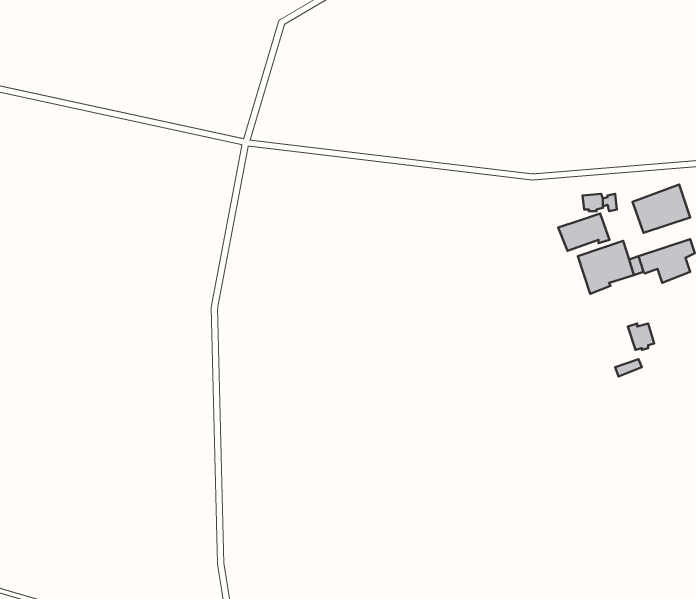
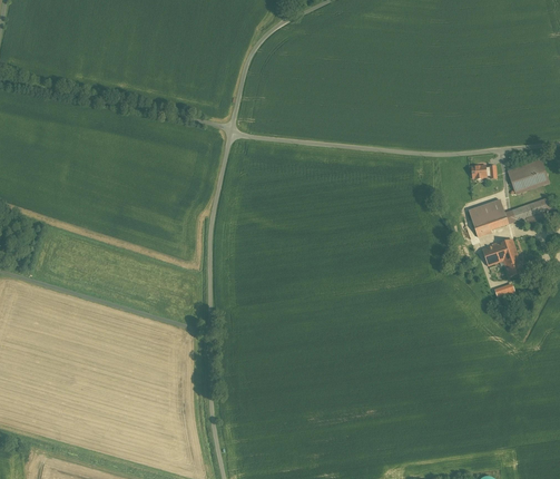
building: [558,213,609,251] -> [481,240,518,266]

